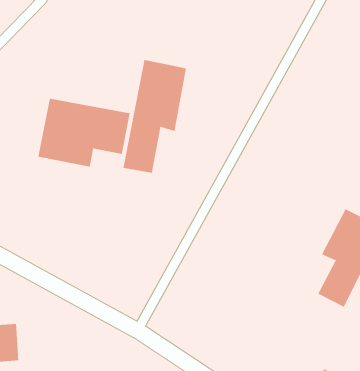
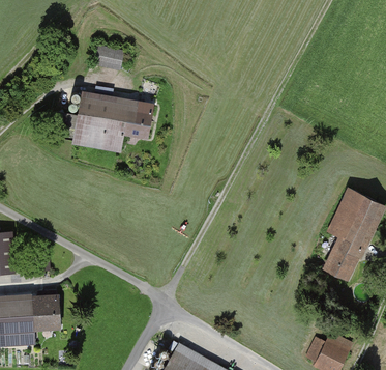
building: none -> [94,47,124,69]
building: [123,59,187,174] -> none

